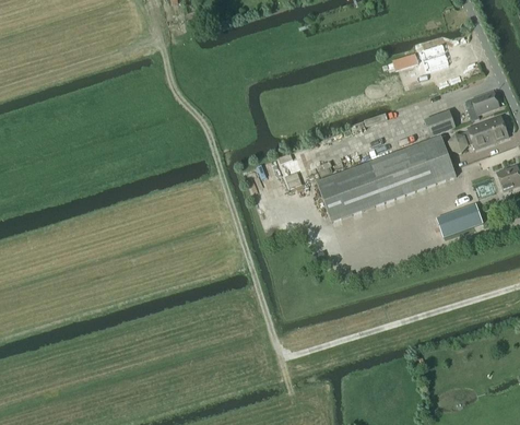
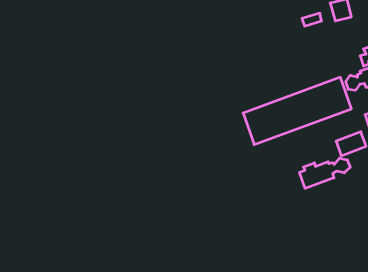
building: [424,109,454,135] -> none
building: none -> [300,158,350,188]

